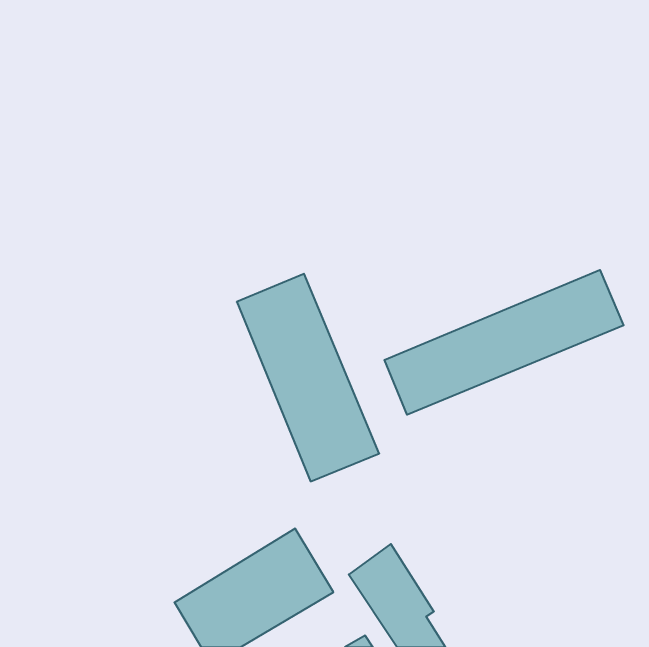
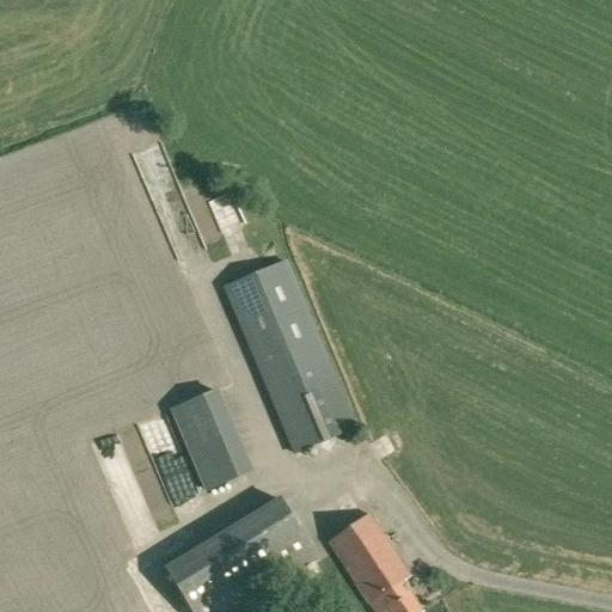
building: [384,270,624,415] -> none
building: none -> [176,382,263,490]

